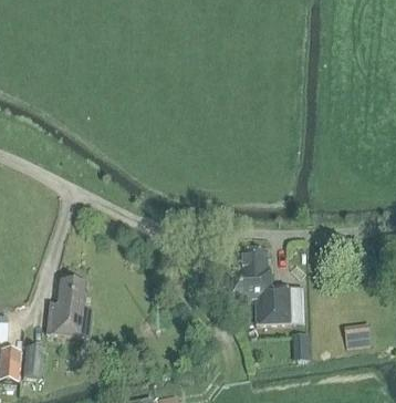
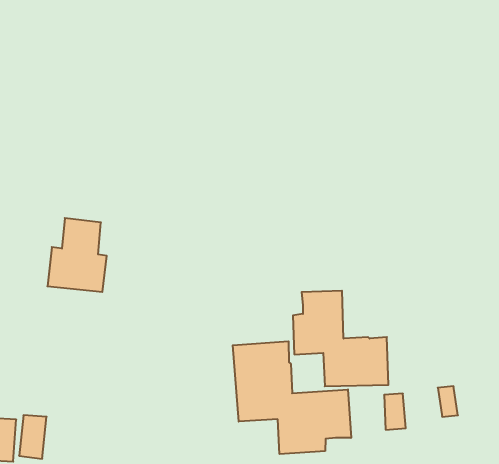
building: [45,279,91,335] -> [47,218,107,292]
building: none -> [233,341,351,454]

